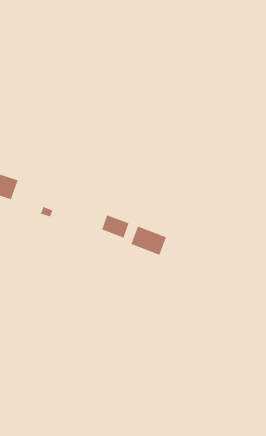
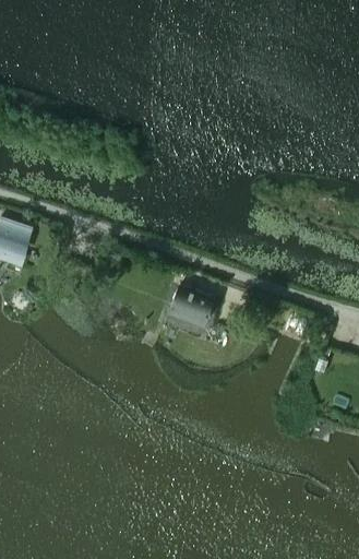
building: [101,214,129,239] -> none

